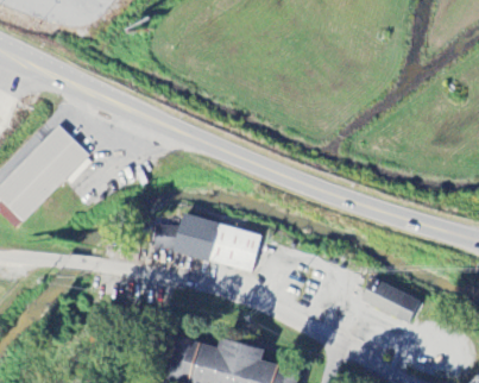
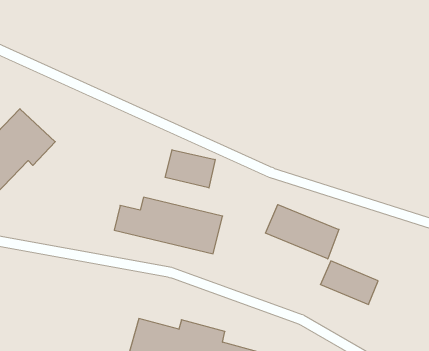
building: none -> [165,150,215,188]
building: none -> [266,205,339,259]

